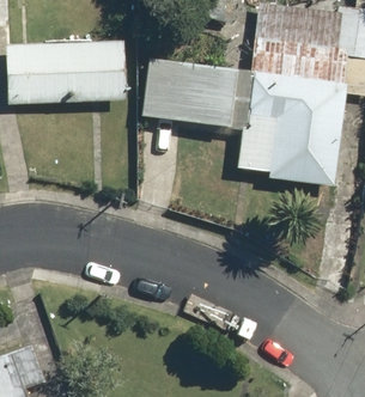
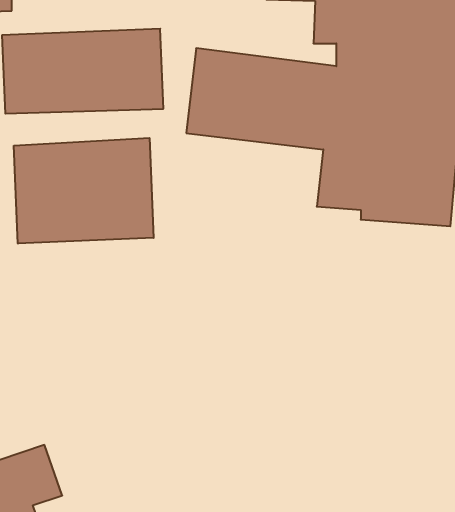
building: none -> [14,138,154,244]

